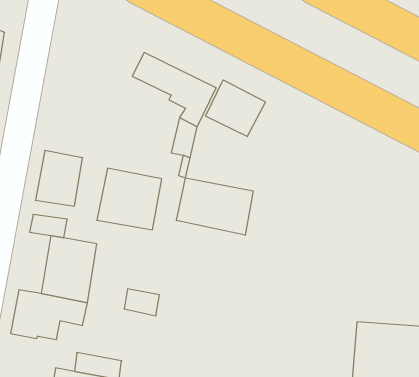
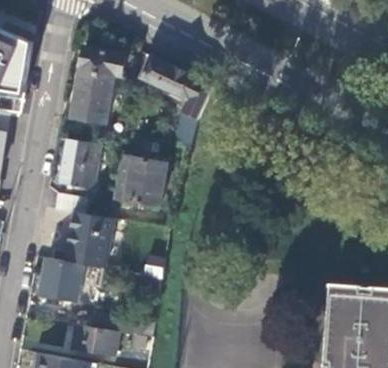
building: none -> [69,46,124,124]
building: [206,80,265,137] -> none
building: [176,178,253,235] -> none

